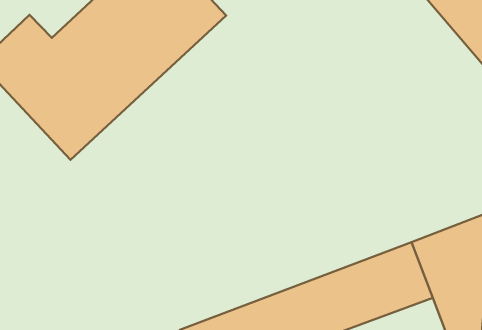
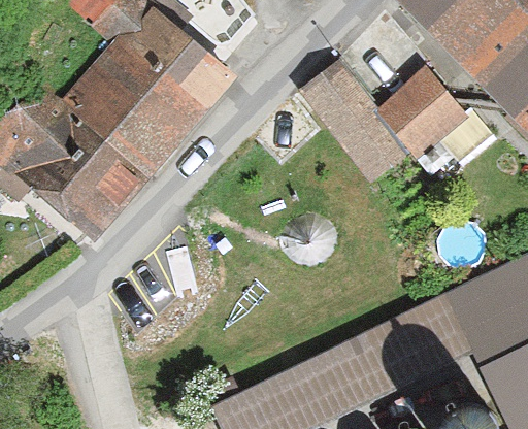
building: none -> [308,64,471,182]

